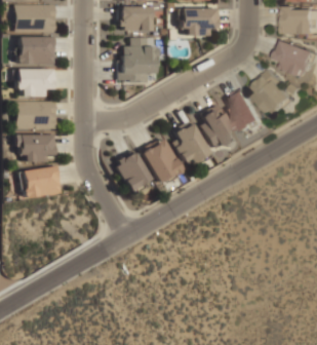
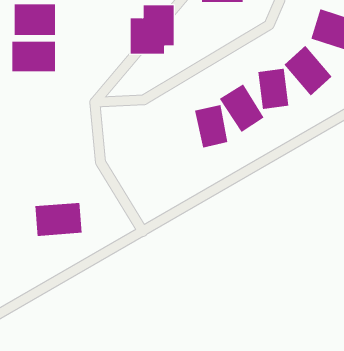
building: [14,100,55,129] -> none
building: [17,135,54,161] -> none
building: [142,139,182,182] -> none
building: [115,152,150,191] -> none
building: [17,166,60,196] -> [34,202,83,236]

